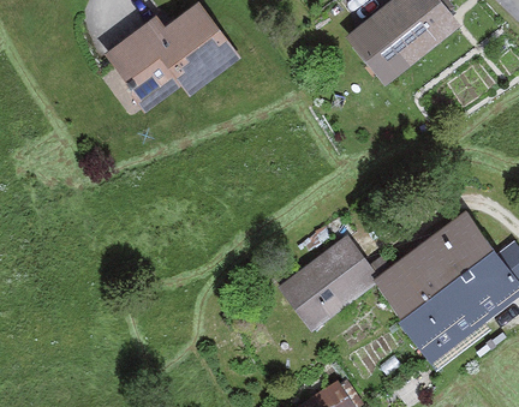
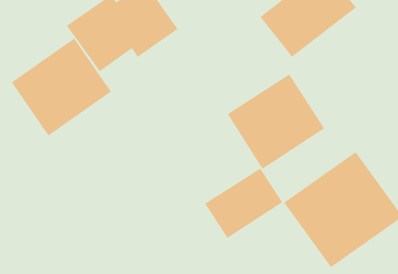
building: none -> [11,37,112,137]
building: none -> [227,74,325,170]

